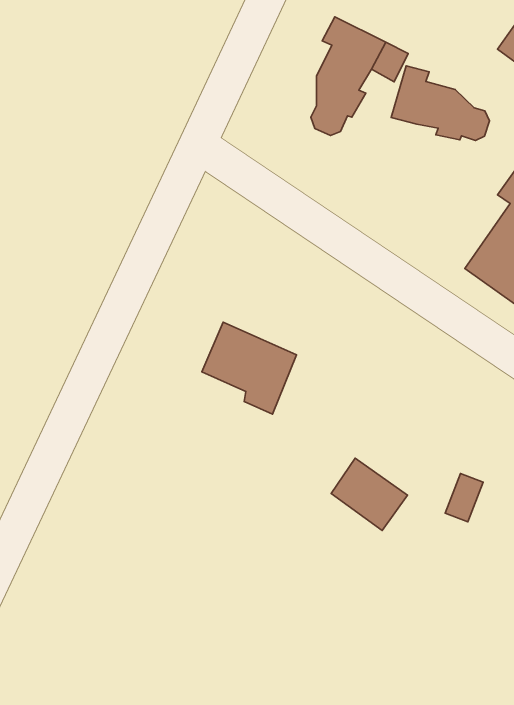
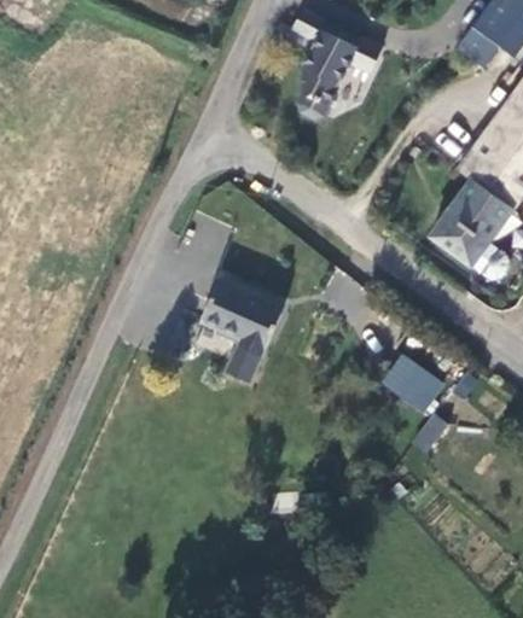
building: [391,66,490,140] -> none
building: [331,458,407,530] -> [378,352,443,414]

